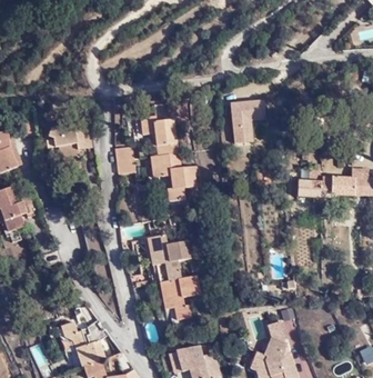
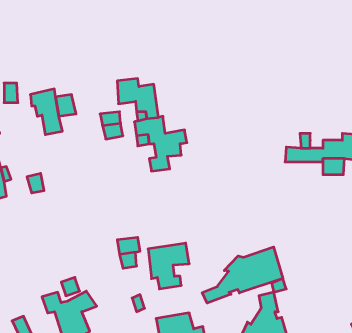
building: [229,101,268,146] -> none
building: [150,231,193,279] -> none
building: none -> [202,247,283,303]

